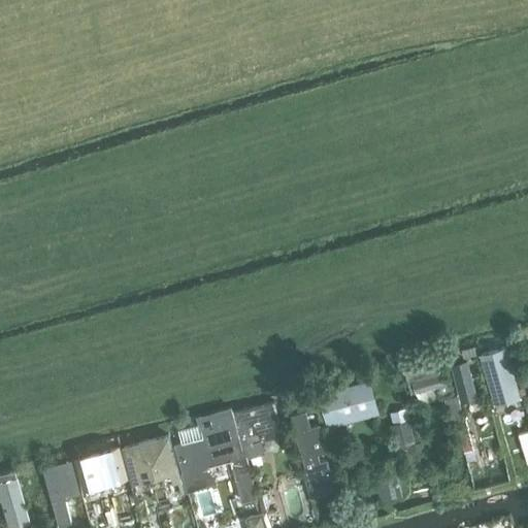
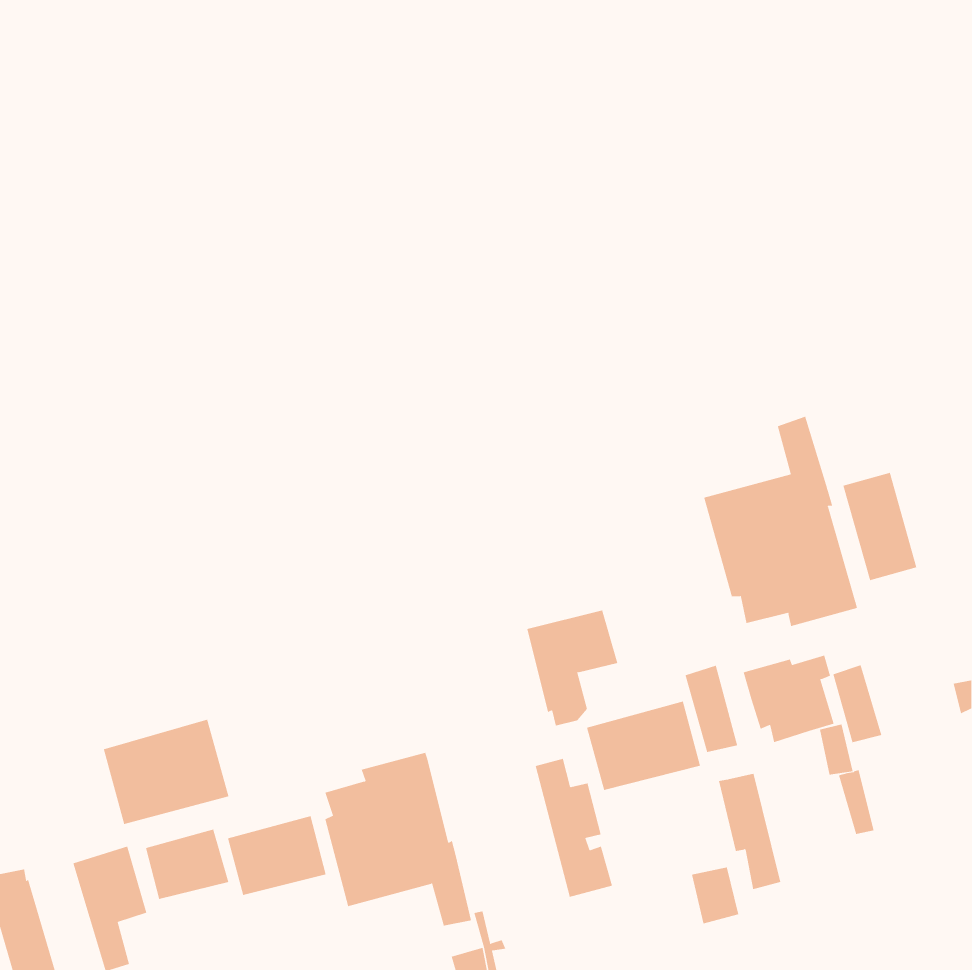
building: none -> [704,416,857,627]
building: [478,349,519,407] -> [843,472,917,581]
building: none -> [685,665,738,753]
building: none -> [103,719,229,825]
building: [231,402,280,465] -> [527,610,618,726]

